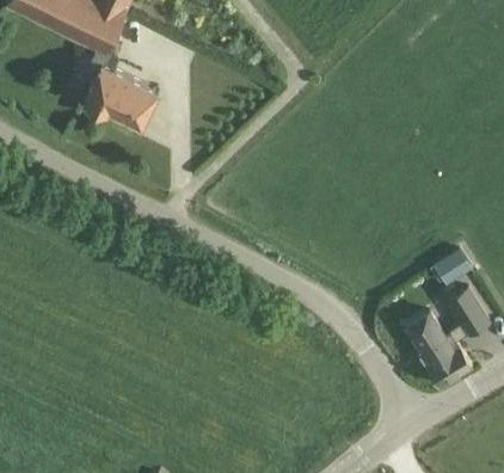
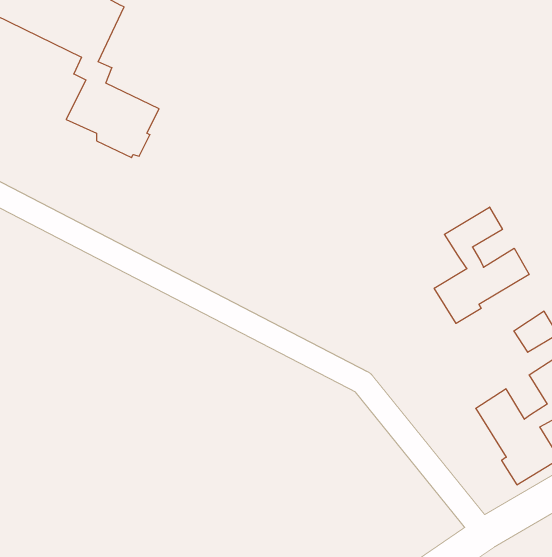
building: none -> [434,207,529,323]

